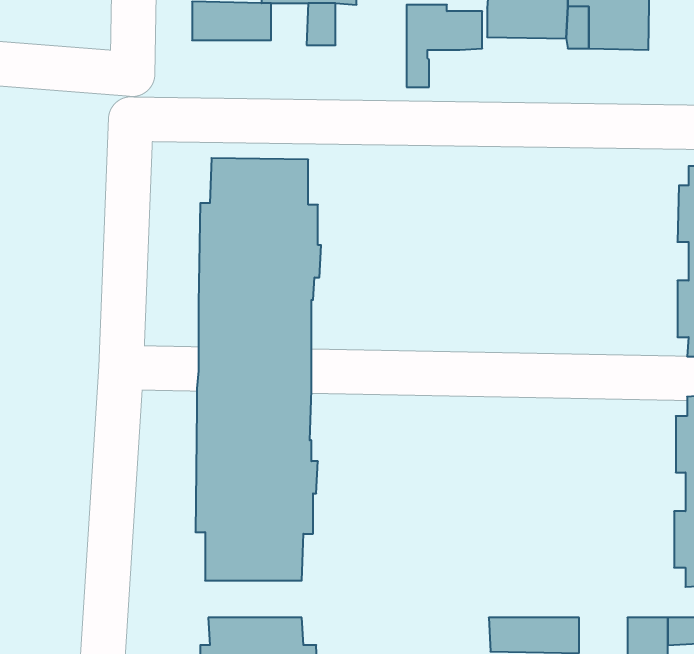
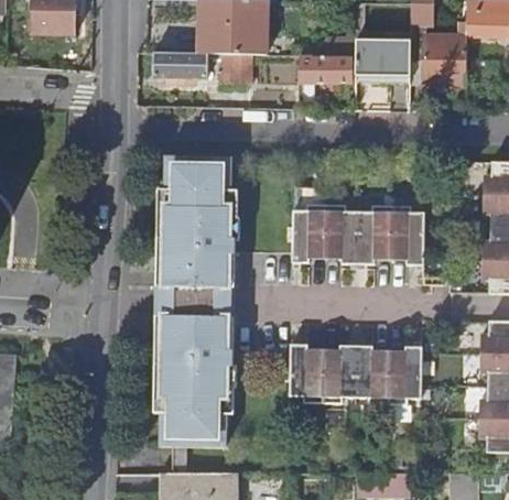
building: none -> [294,205,426,265]
building: none -> [293,345,424,405]

